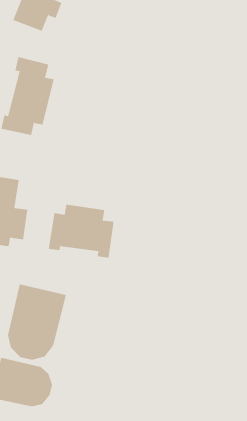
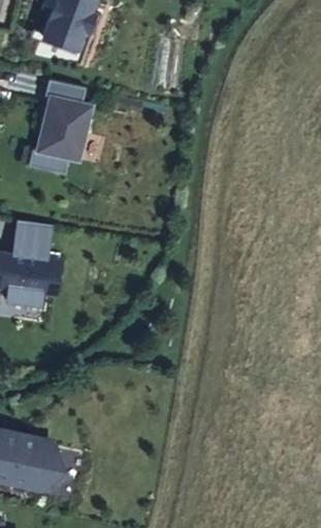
building: [48,204,114,259] -> none
building: [7,283,67,361] -> none

